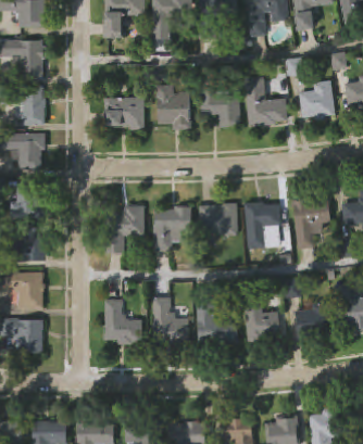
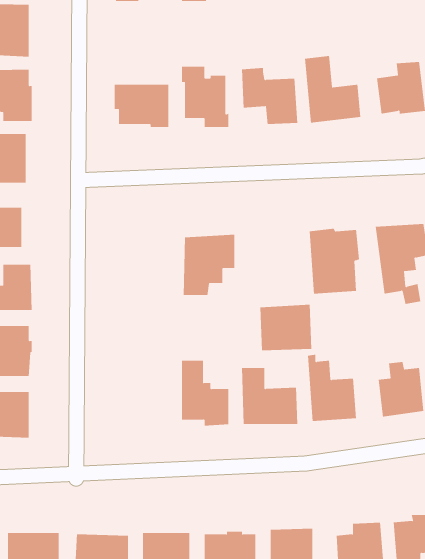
building: [200,203,238,237] -> [260,304,312,351]
building: [107,206,146,254] -> none
building: [104,300,142,345] -> none

